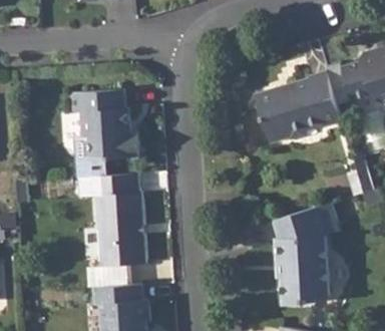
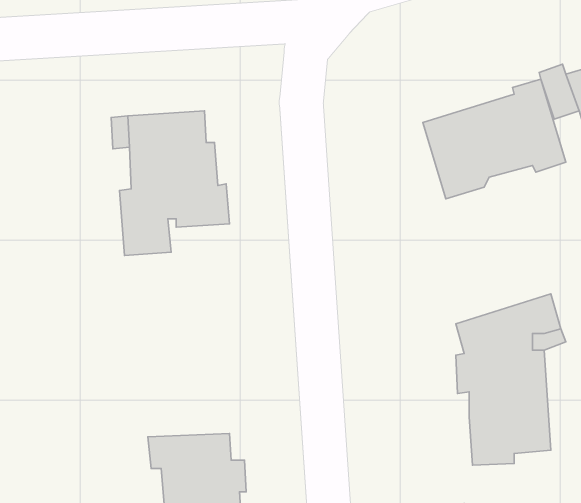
building: [73,175,144,266] -> none

